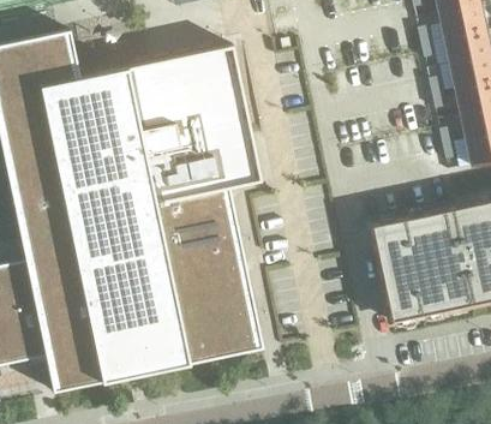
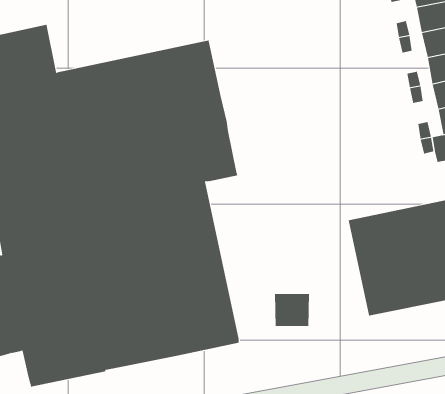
building: none -> [275,293,309,327]

